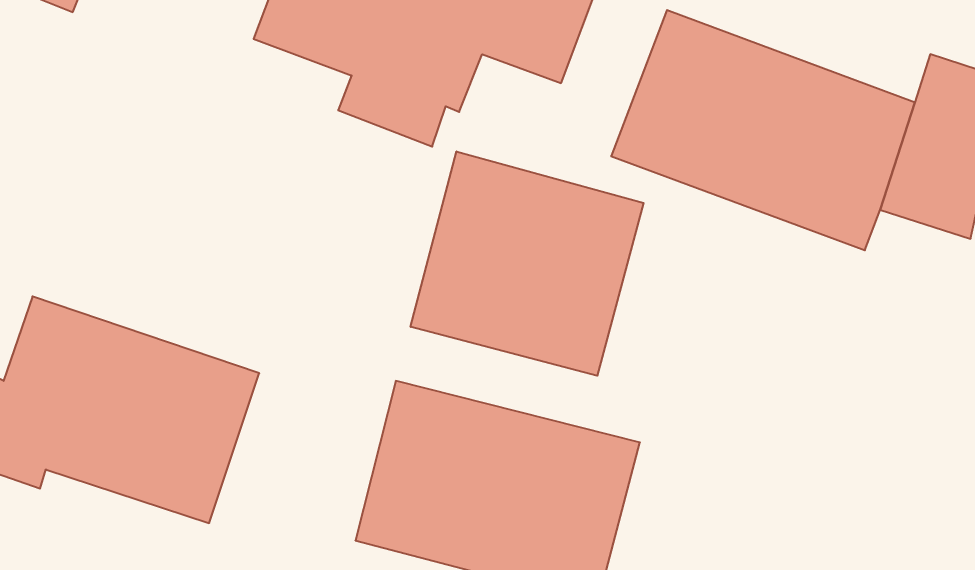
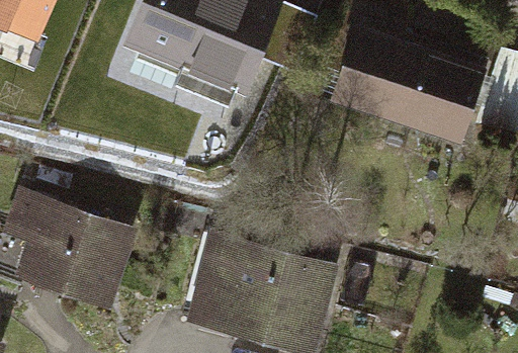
building: [411,151,644,376] -> none

